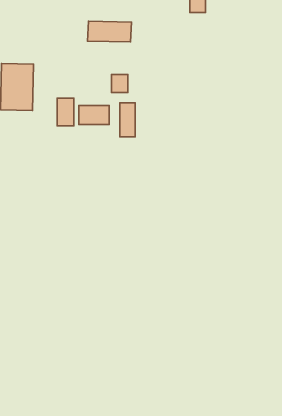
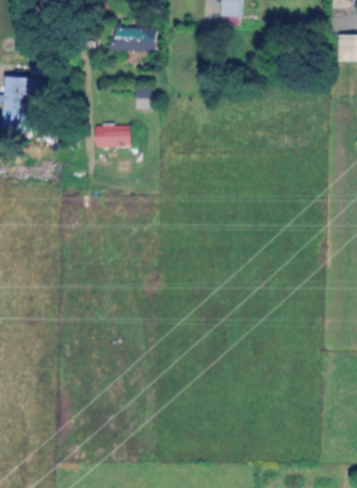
building: [57,98,74,126] -> none
building: [120,103,135,137] -> none

